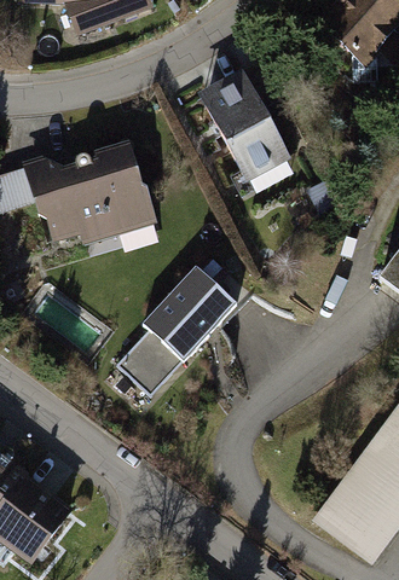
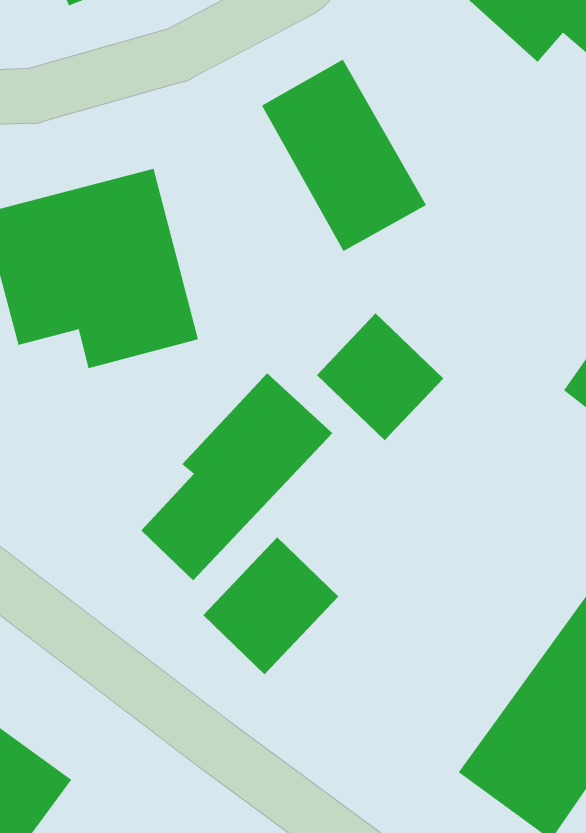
building: none -> [316,313,444,441]
building: none -> [202,536,339,675]

